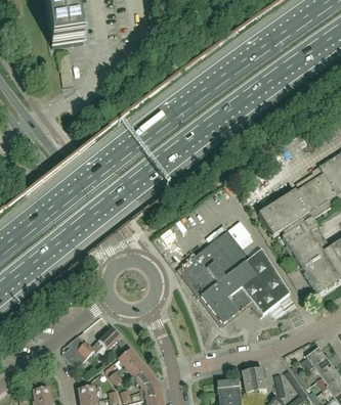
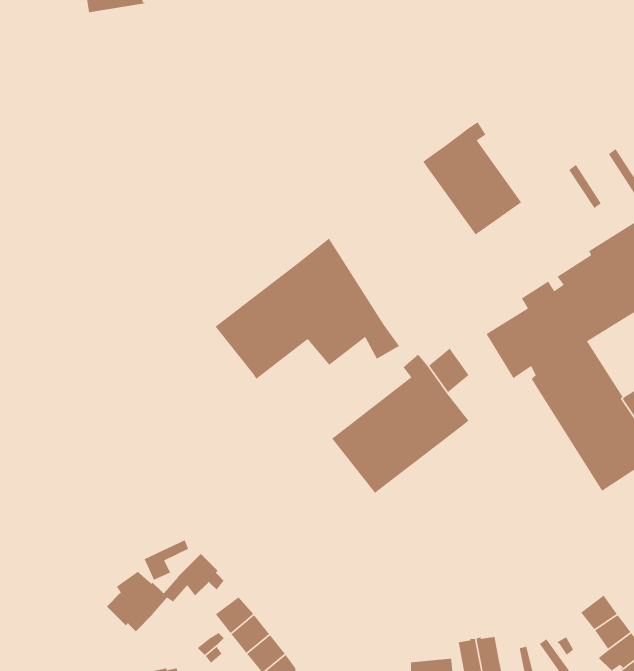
building: none -> [422,121,522,235]
building: [201,250,297,323] -> [215,237,400,380]

